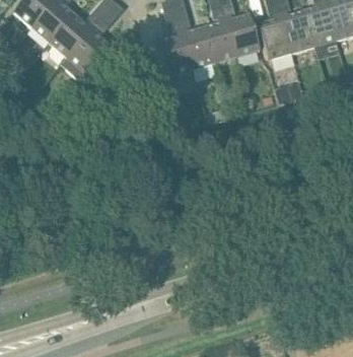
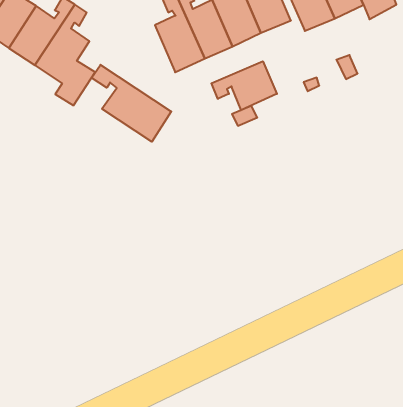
building: none -> [91,65,171,142]
building: none -> [211,61,277,110]

